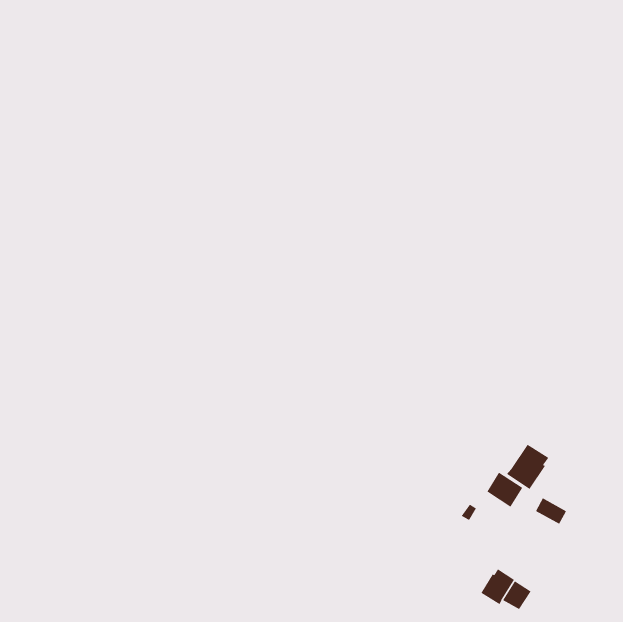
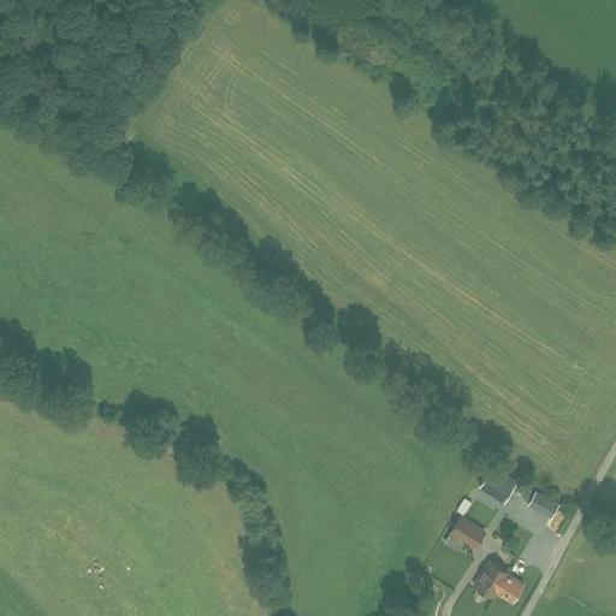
building: [506,443,549,490] -> none
building: none -> [451,517,485,547]

